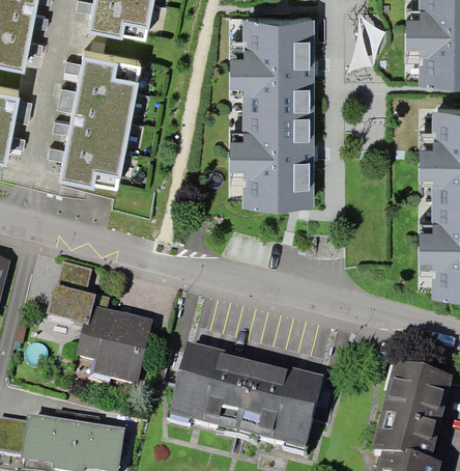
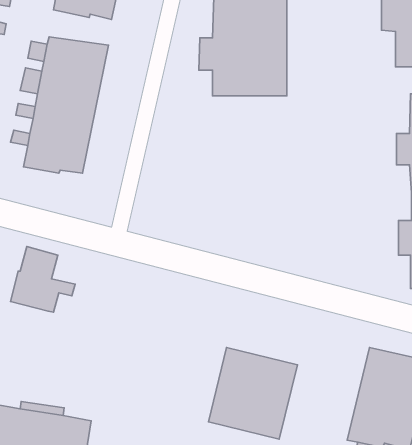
building: [228,115,313,211] -> none
building: [76,305,152,383] -> none
building: [170,339,255,430] -> none

